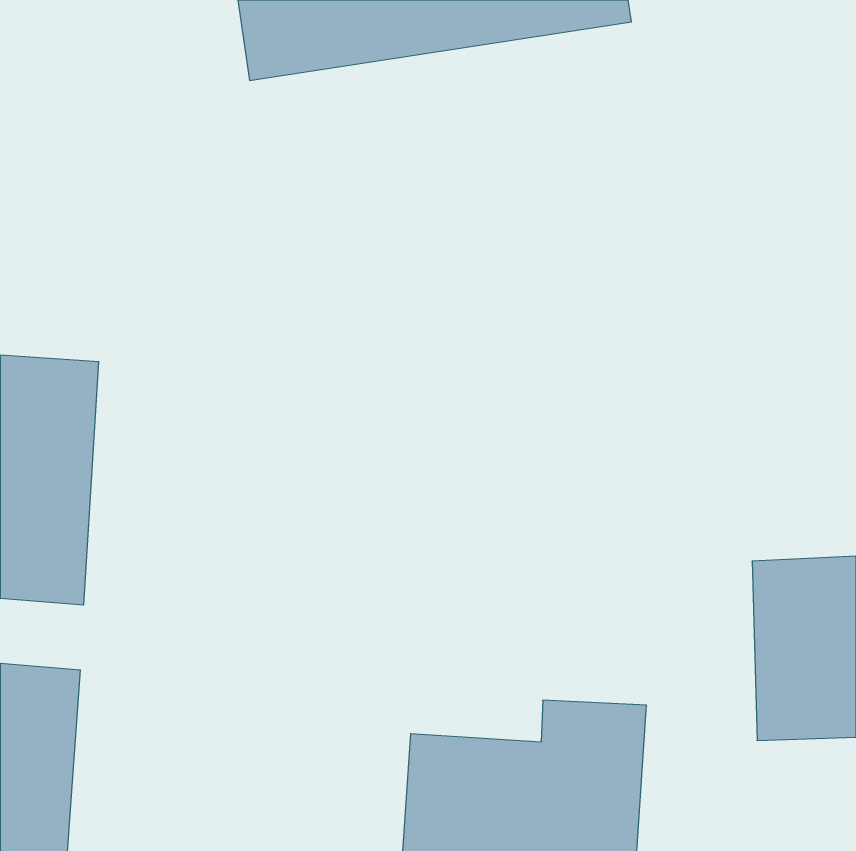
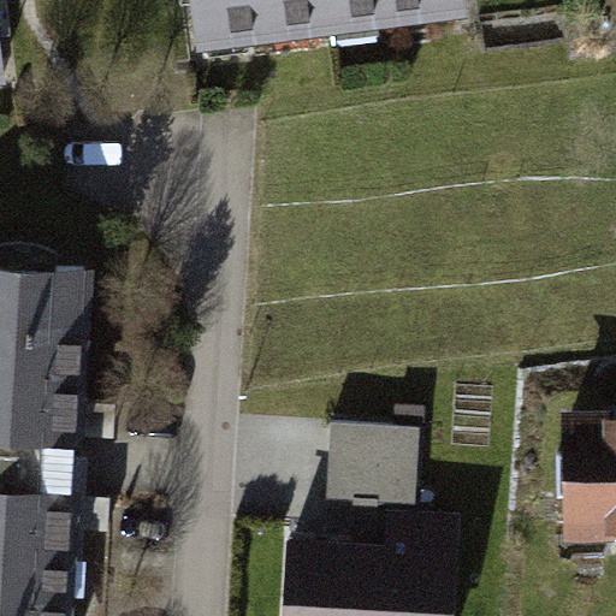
building: none -> [331,421,426,502]

